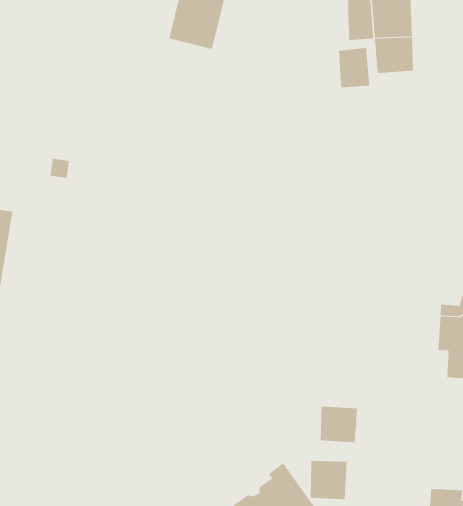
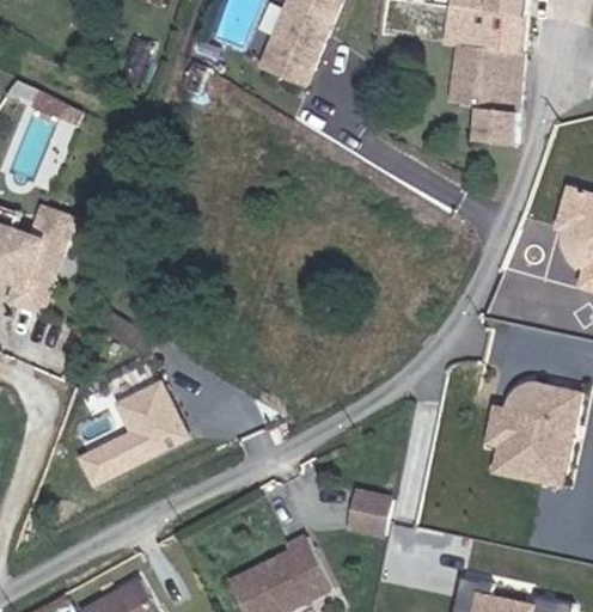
building: [338,47,370,88] -> none
building: none -> [84,386,190,486]
building: [310,460,347,500] -> none

